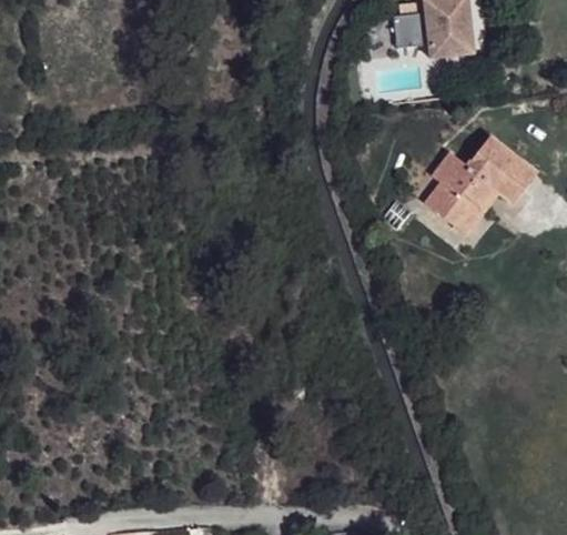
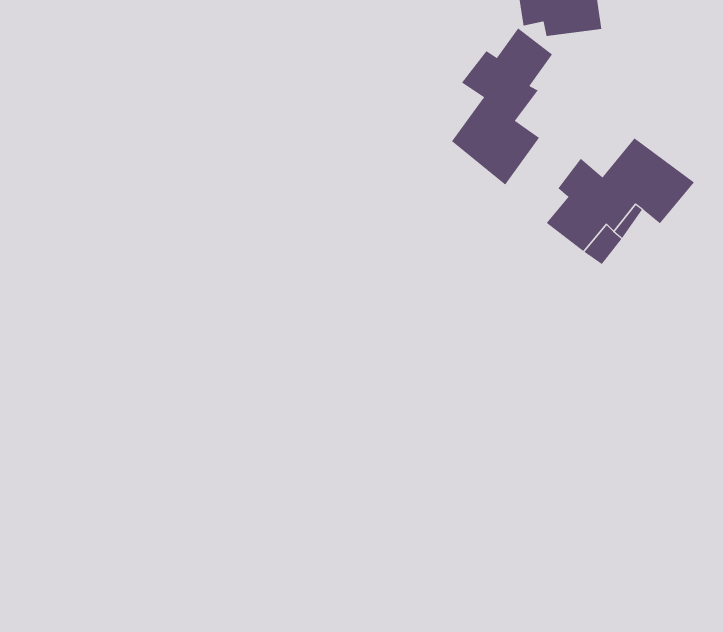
building: none -> [451,27,553,185]

